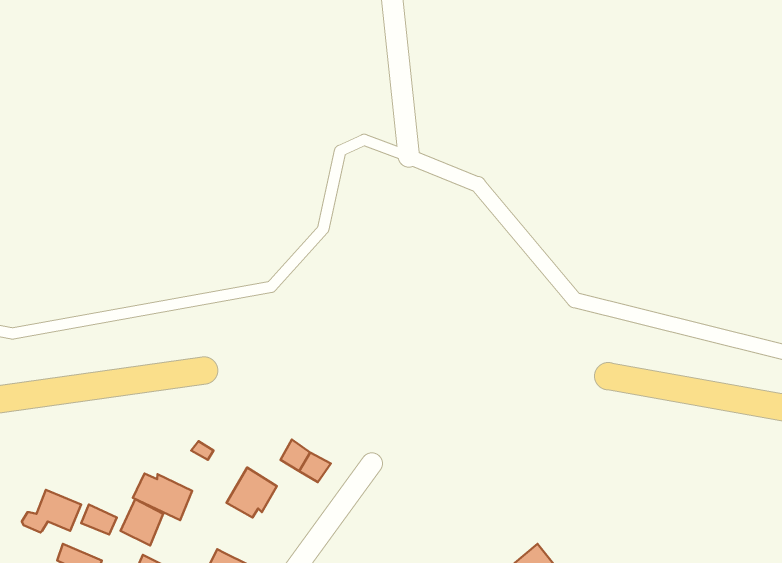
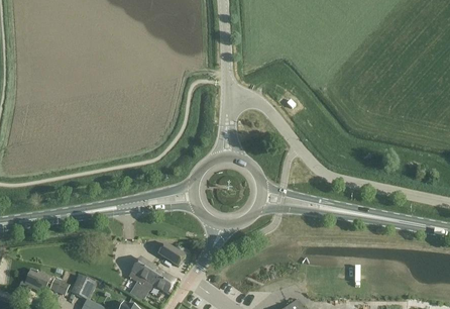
building: [133,473,192,520] -> none
building: none -> [142,267,176,293]

